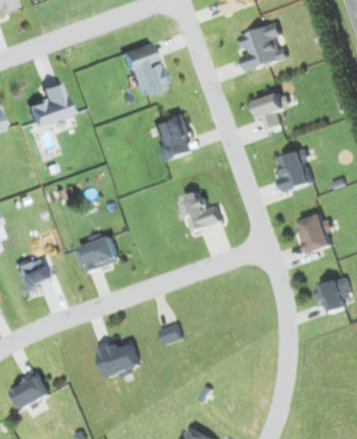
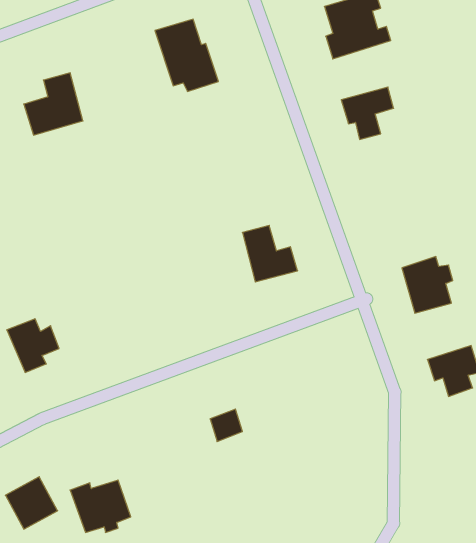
building: [154,112,193,161] -> none
building: [281,148,314,191] -> none
building: [81,236,121,271] -> none
building: [98,339,142,376] -> [70,480,131,532]

